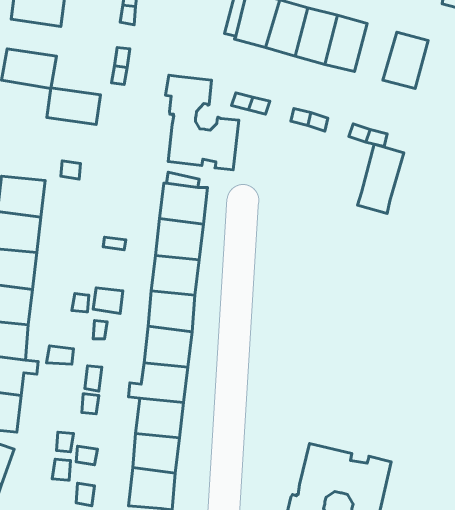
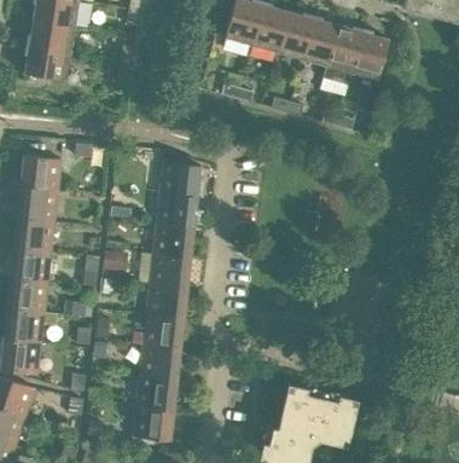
building: [166,75,239,170] -> none
building: [47,88,100,125] -> [29,22,75,53]
building: [357,144,404,214] -> [323,25,362,85]

